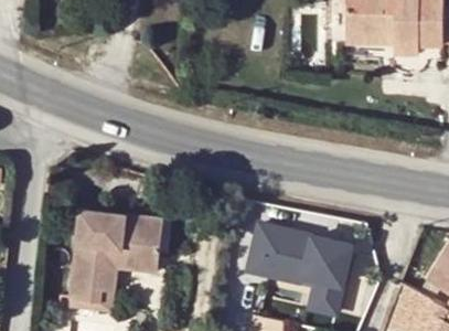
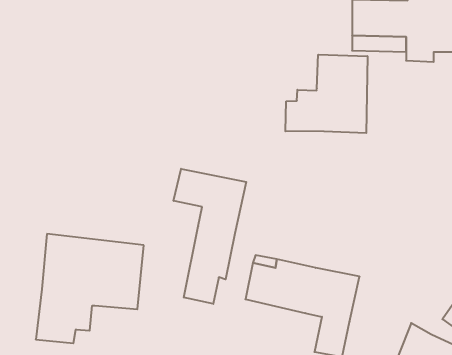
building: none -> [285,55,367,133]
building: none -> [174,169,246,304]

